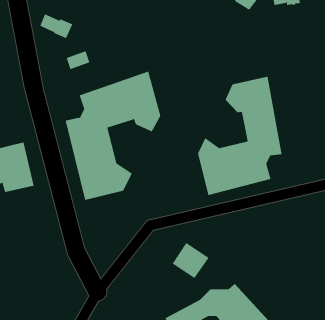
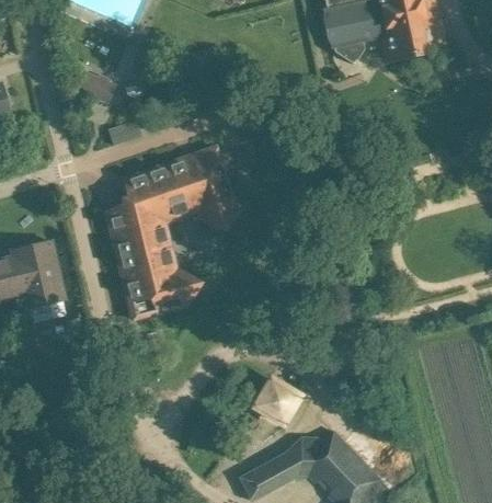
building: [198,76,282,196] -> none

